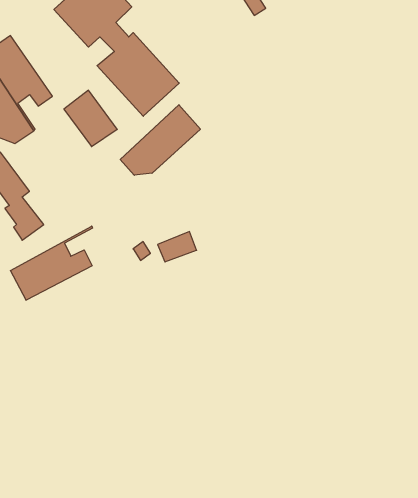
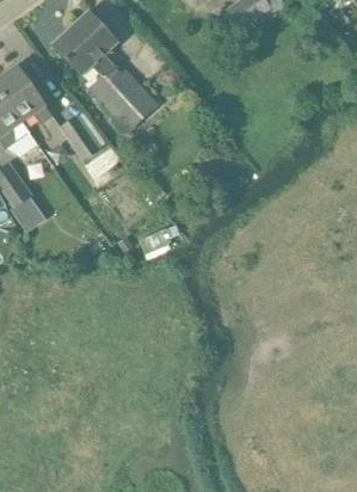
building: [120,105,200,175] -> none
building: [10,226,92,300] -> none

